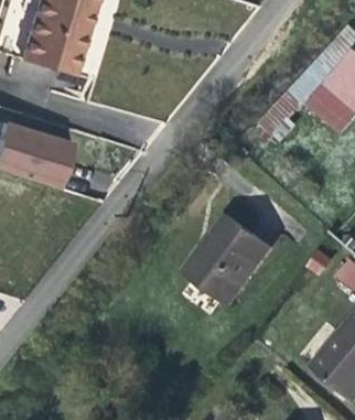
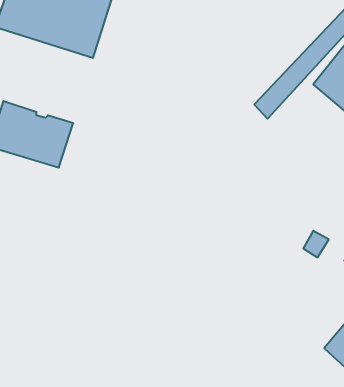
building: [185,206,269,291] -> none

